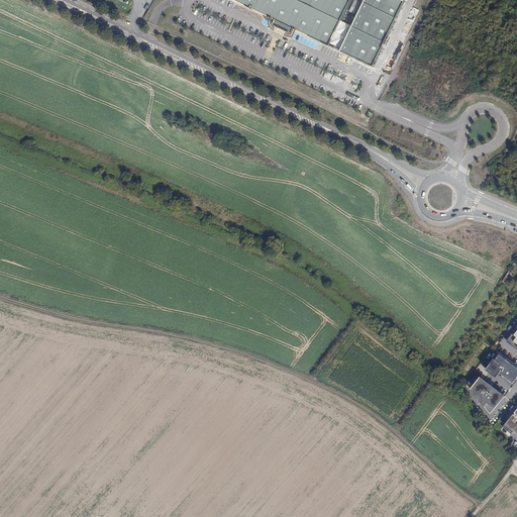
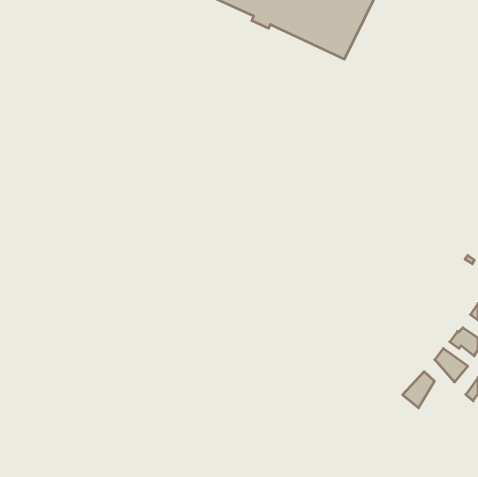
building: none -> [403,372,434,408]

